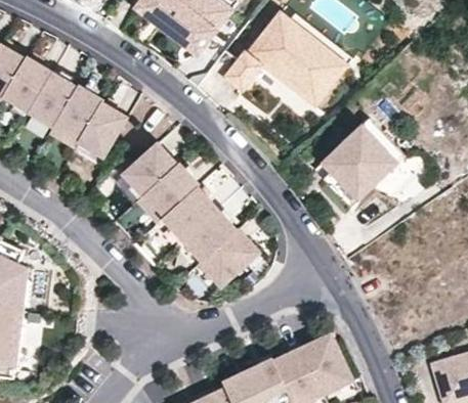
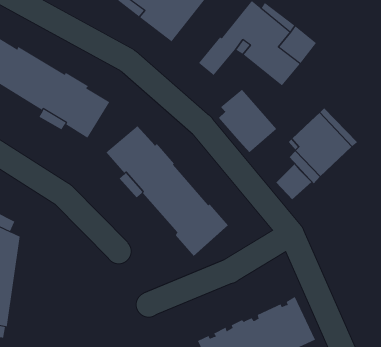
building: none -> [218,89,277,153]
building: none -> [276,164,312,200]

